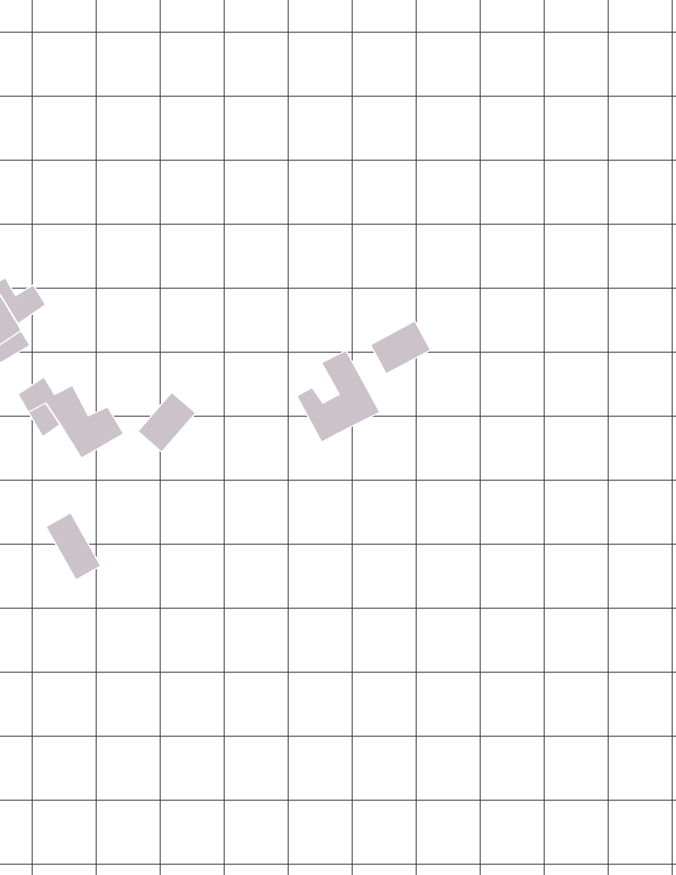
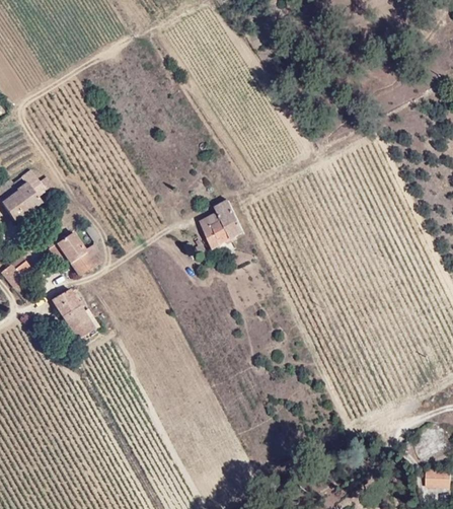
building: [371,321,430,374] -> none
building: [138,392,196,452] -> none

